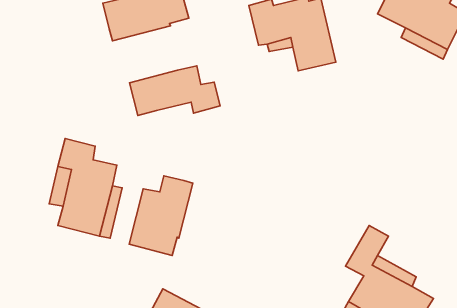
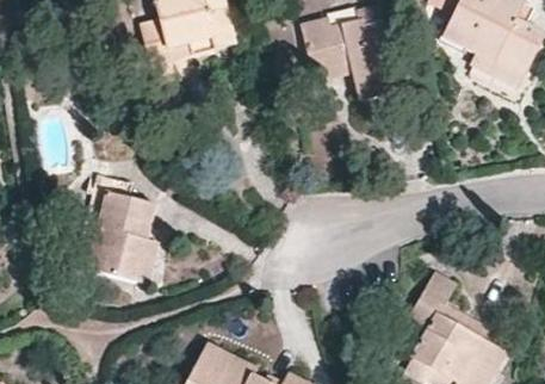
building: [129,66,220,116] -> none
building: [129,176,193,256] -> none

